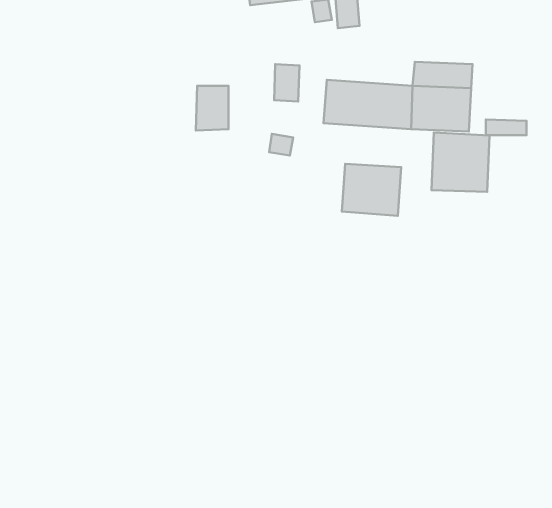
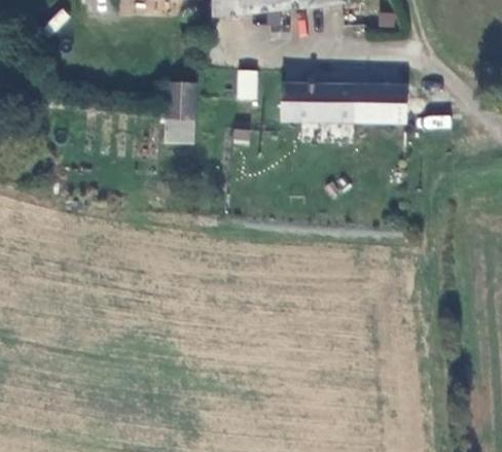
building: [431,133,489,192] -> none
building: [342,164,401,216] -> none

